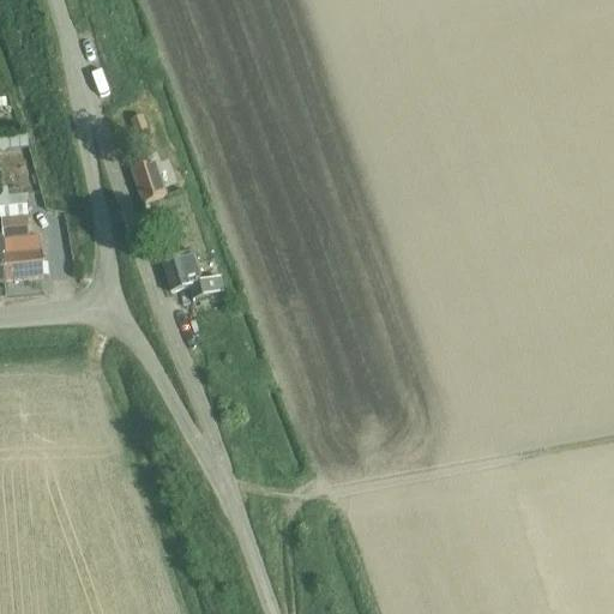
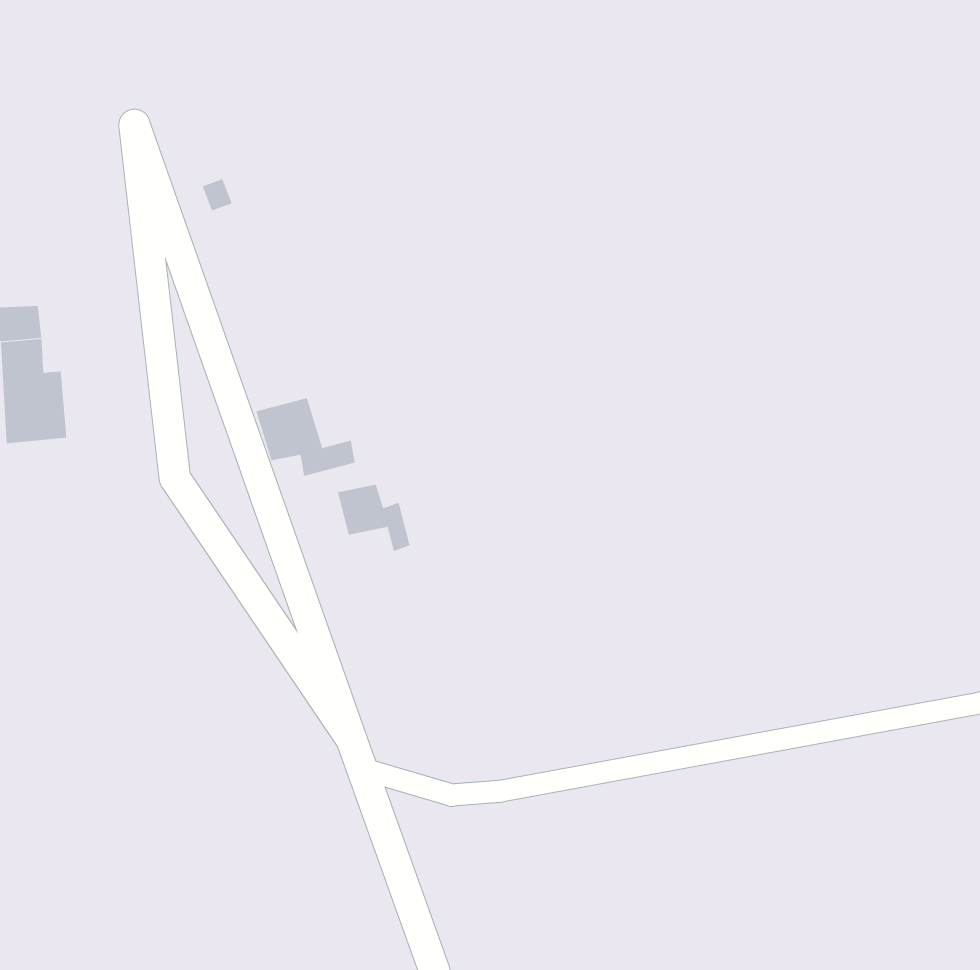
building: [131,158,164,199] -> none
building: none -> [337,484,410,552]

